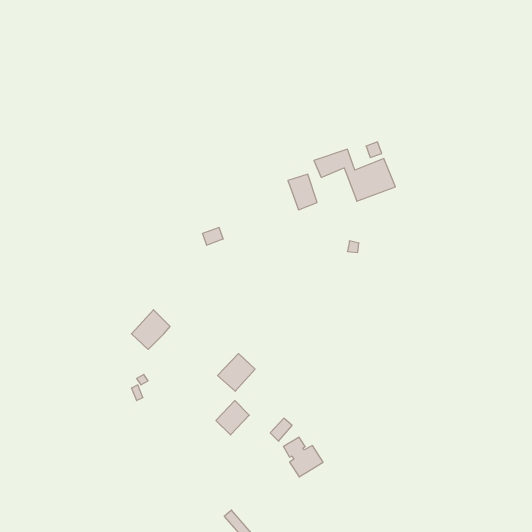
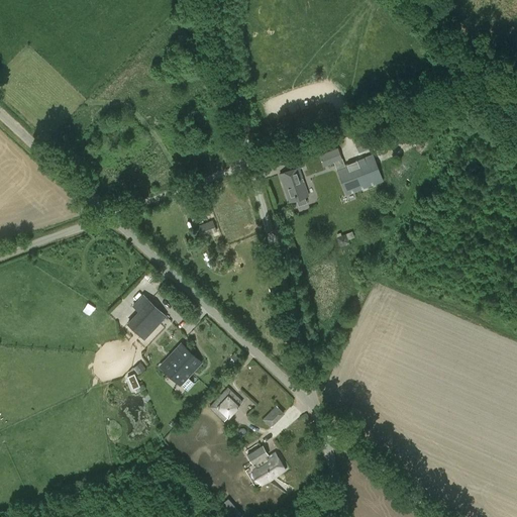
building: [218,354,255,391] -> [161,345,197,382]
building: [283,437,323,477] -> [246,446,285,485]

